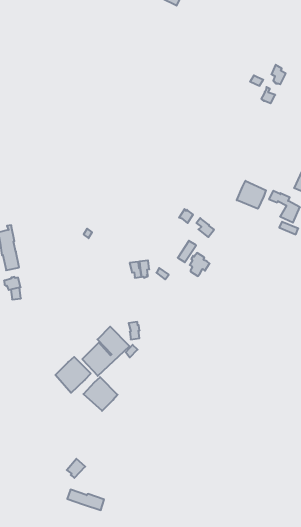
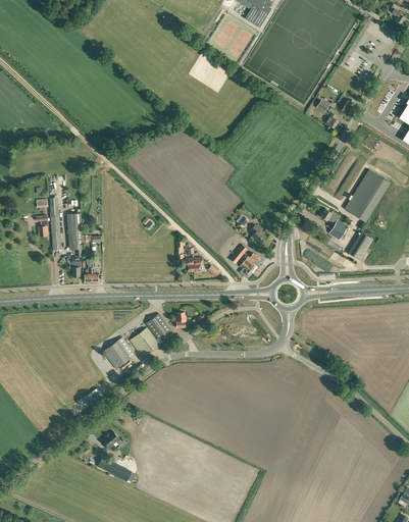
building: [237,181,266,209] -> none
building: [83,377,118,411] -> none

